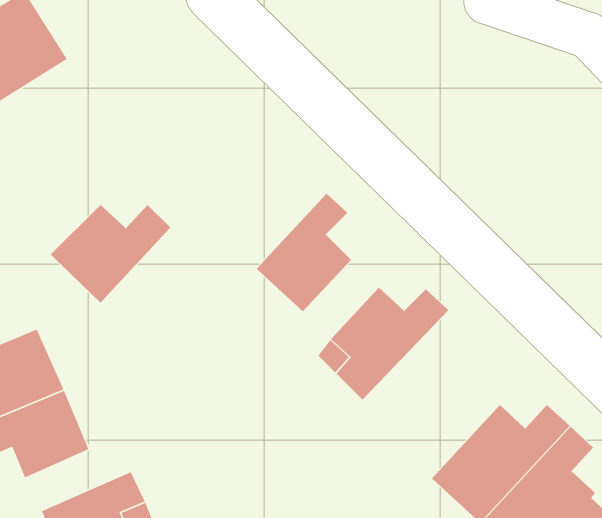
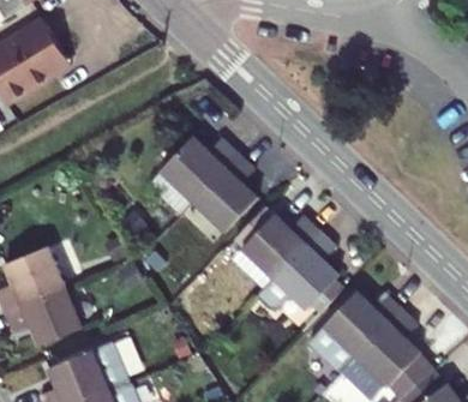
building: [50,204,171,303] -> [160,138,240,204]
building: none -> [256,232,343,314]

